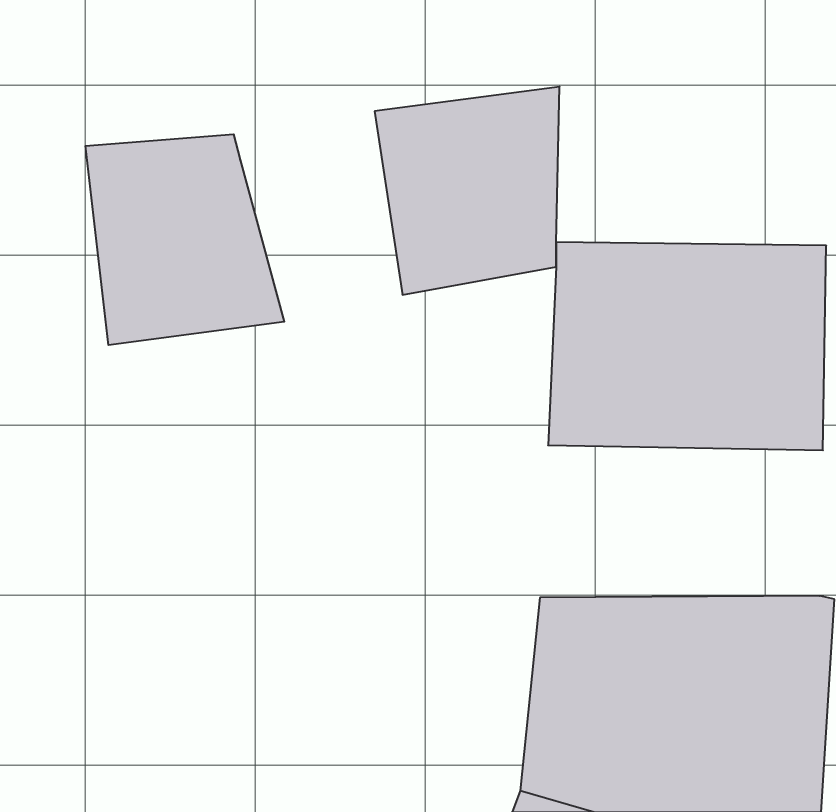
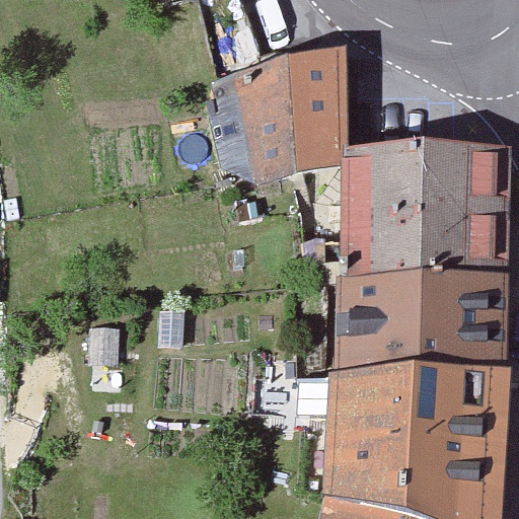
building: [85,134,284,345] -> none
building: none -> [335,276,510,370]

